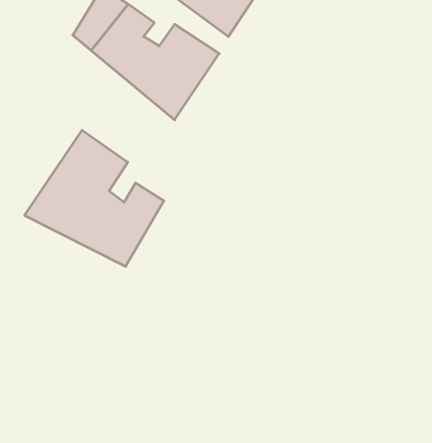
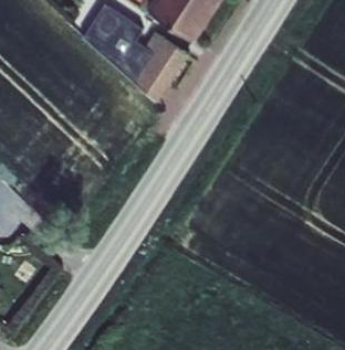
building: [25,130,164,267] -> none

